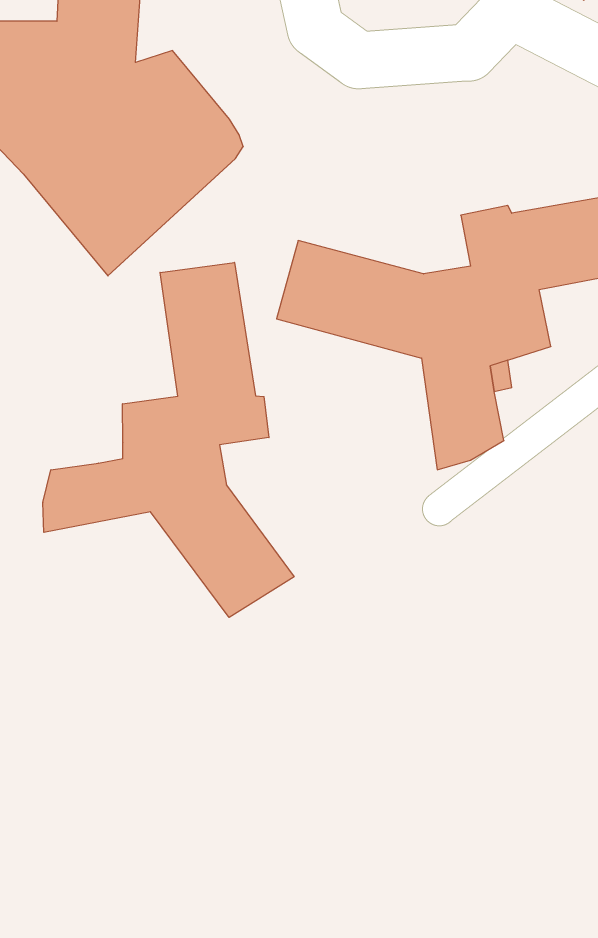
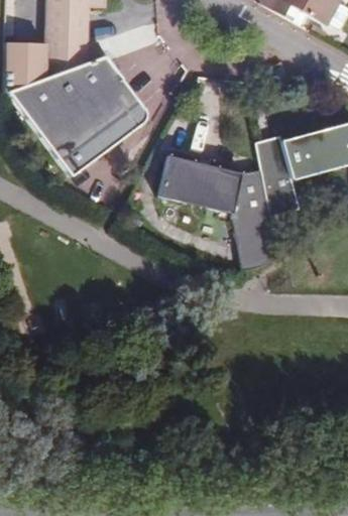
building: [43,262,294,617] -> none

